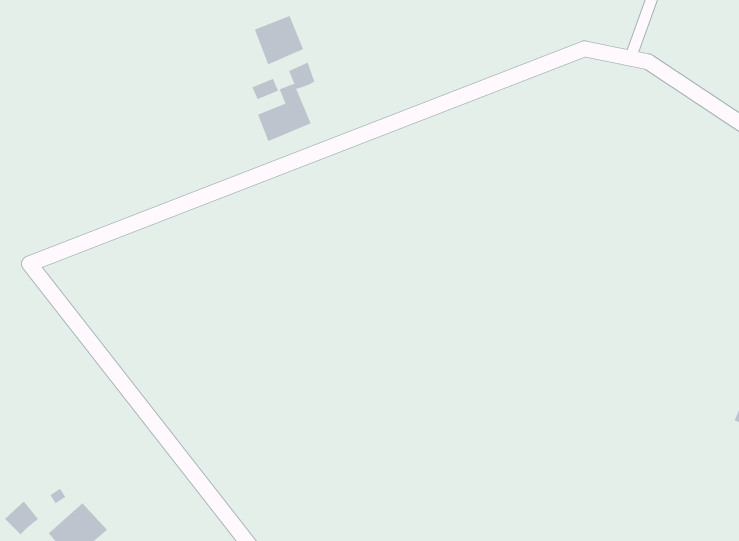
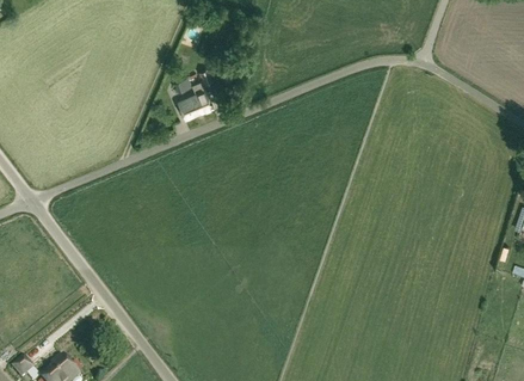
building: [254,15,304,65] -> none

